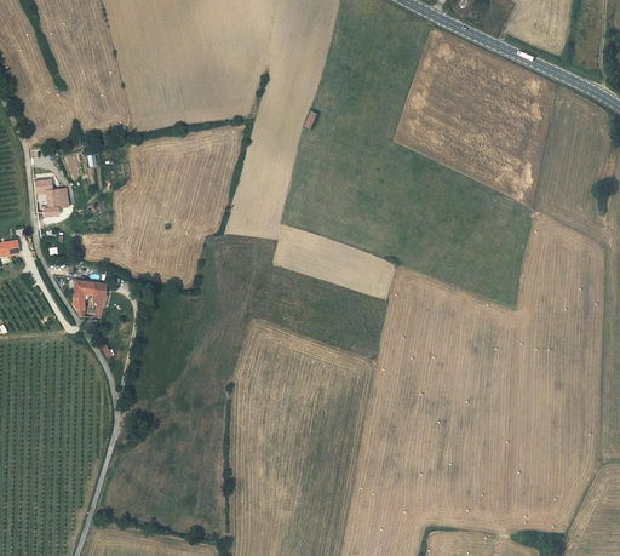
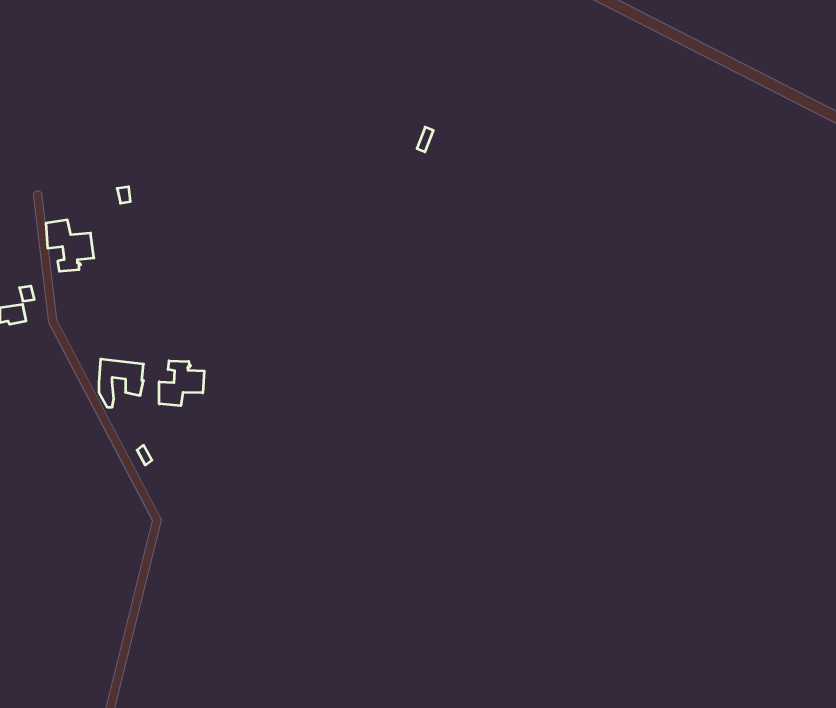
building: none -> [159,361,204,406]

